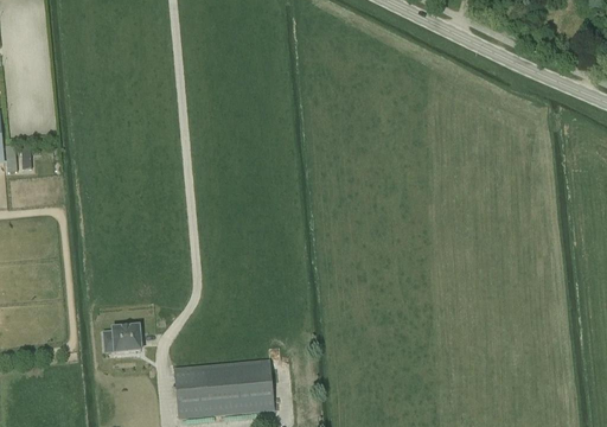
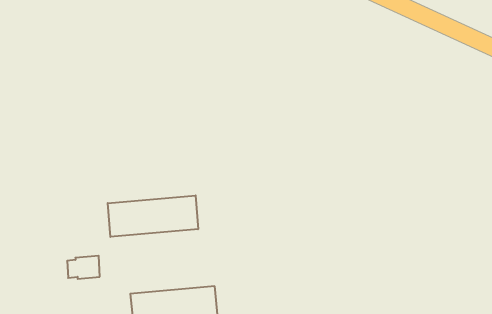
building: none -> [108,195,198,237]

